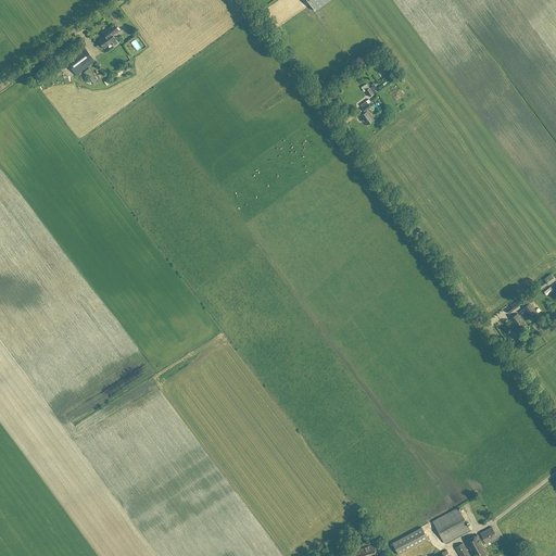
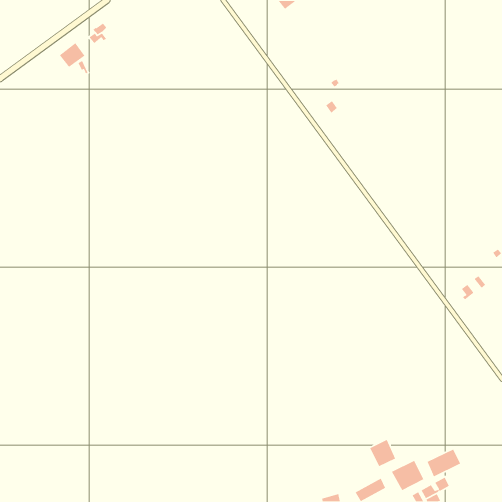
building: none -> [369,439,396,467]
building: none -> [427,448,461,477]

